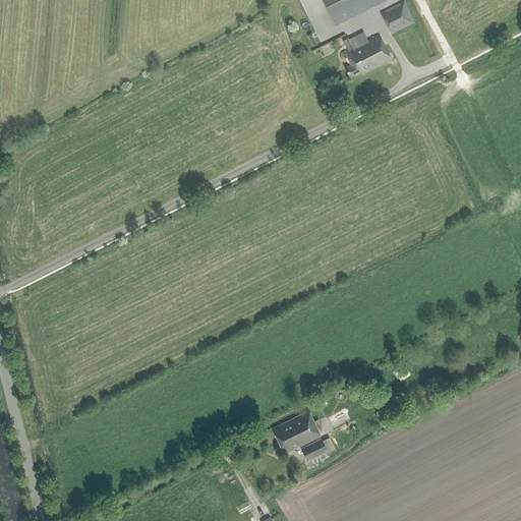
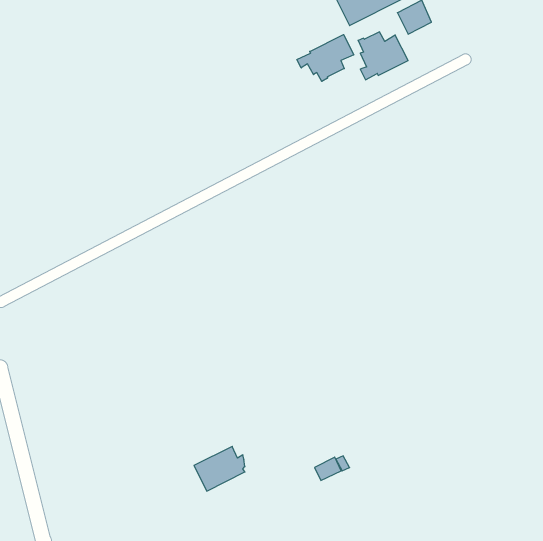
building: none -> [297,35,354,81]
building: [272,410,321,453] -> [194,446,245,491]

